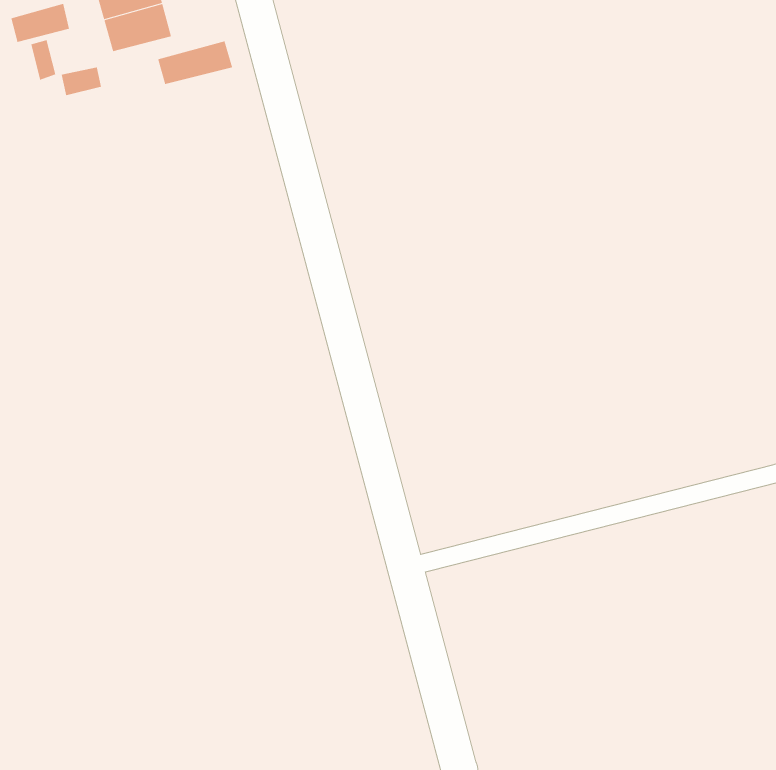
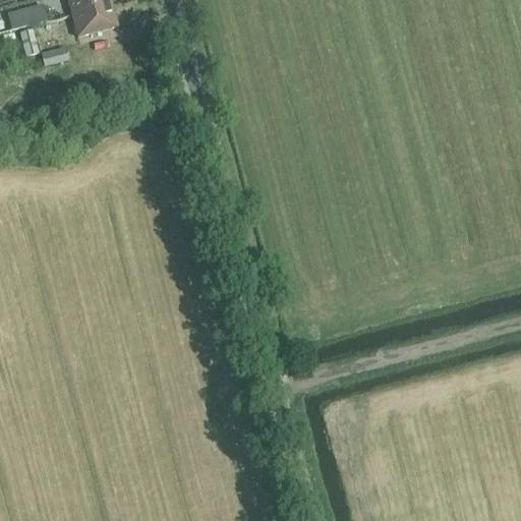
building: [158,41,233,85] -> none

